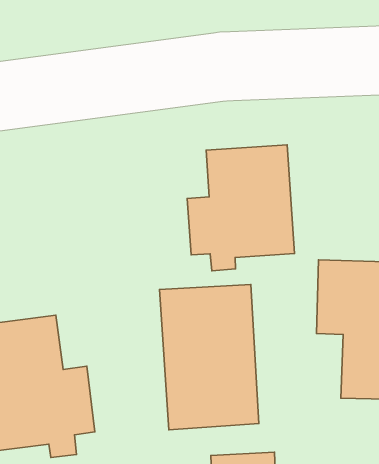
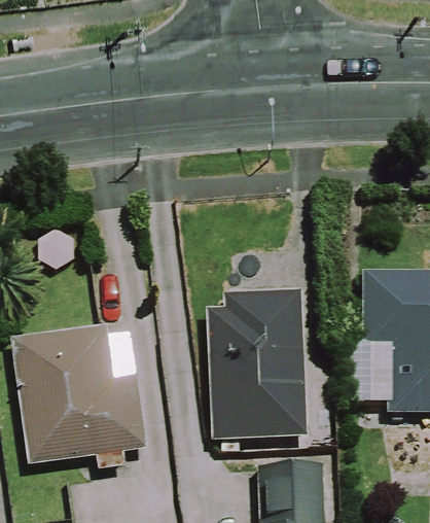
building: [187,145,294,271] -> none

